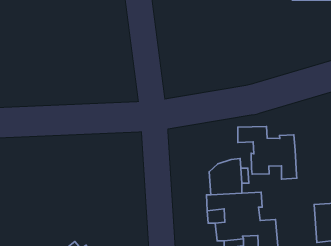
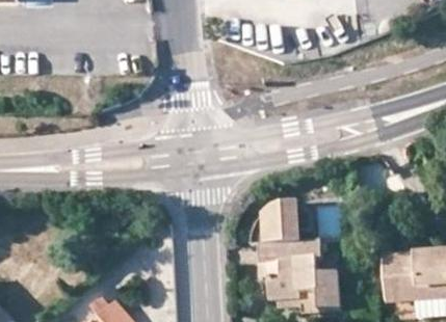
building: [238,126,297,179] -> none

